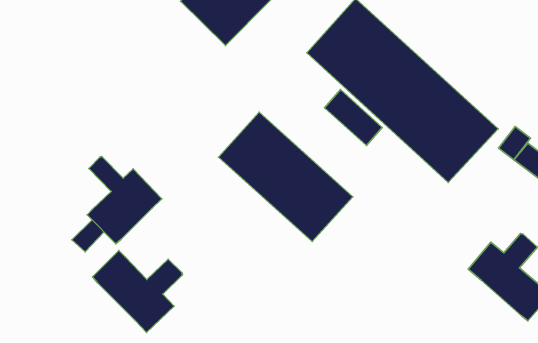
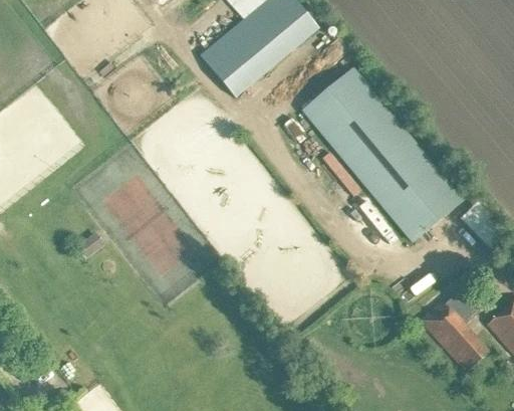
building: [219,112,353,242] -> none
building: [87,157,162,244] -> none
building: [92,251,183,333] -> none

